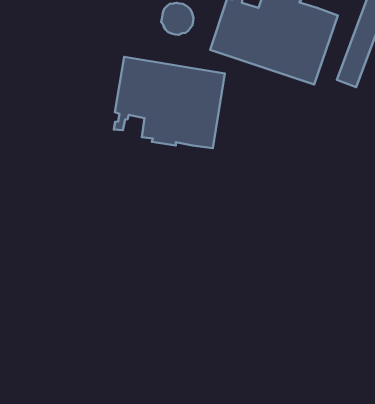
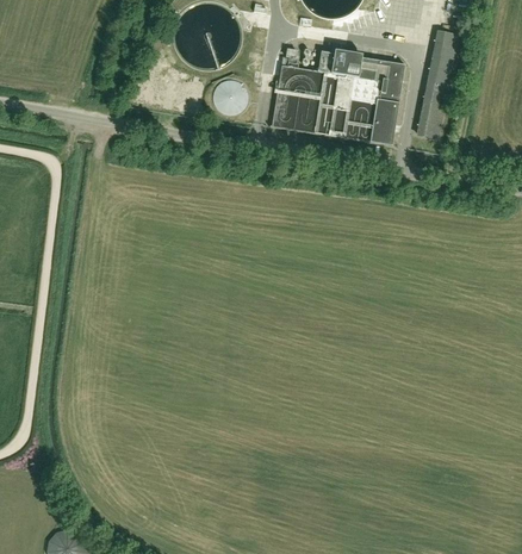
building: [114,57,225,148] -> none

